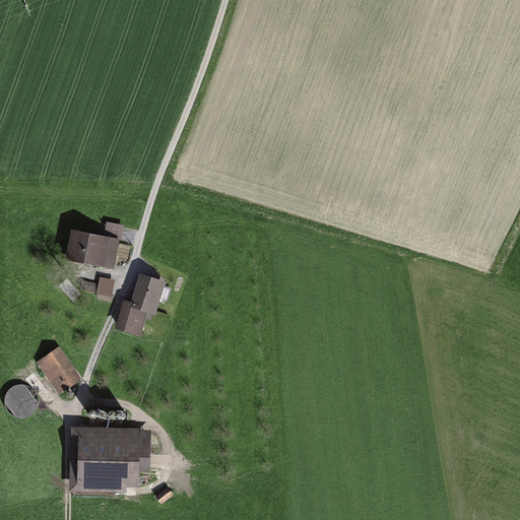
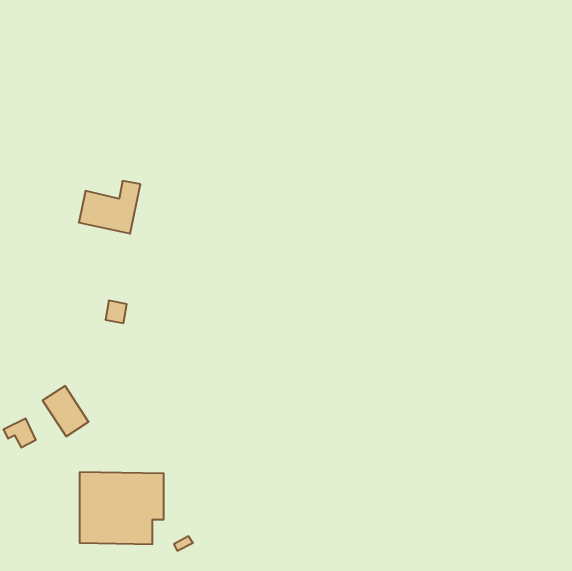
building: [65,220,121,268] -> [79,181,140,234]
building: [115,273,165,335] -> none

